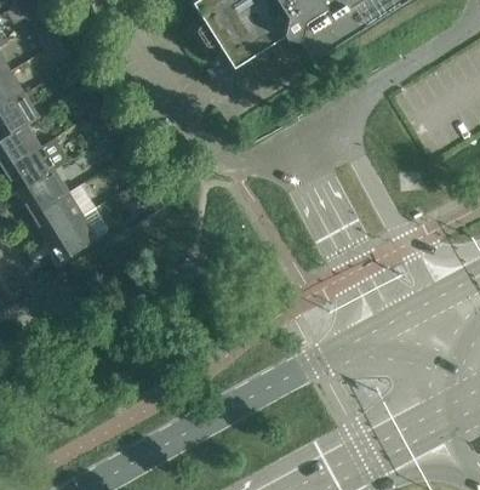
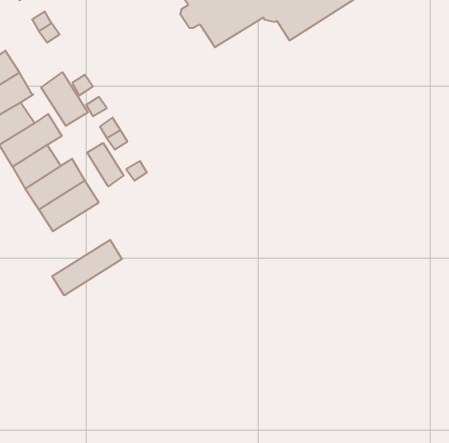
building: none -> [41,72,88,126]
building: none -> [87,143,124,186]
building: none -> [52,240,122,295]

